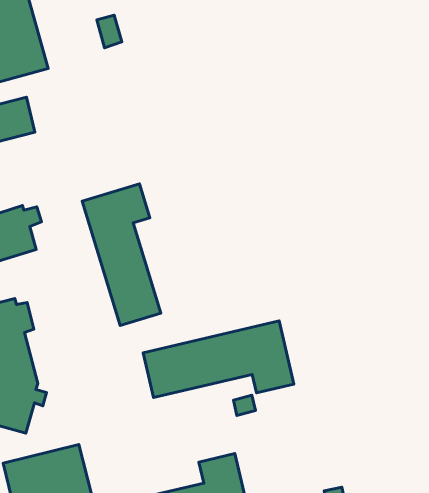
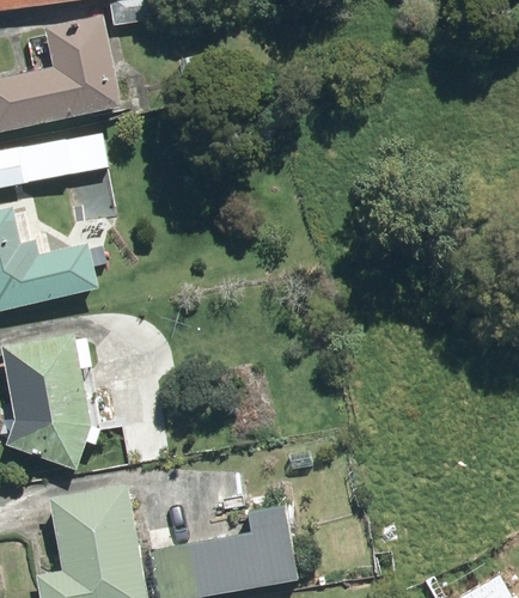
building: [82,184,161,326] -> none
building: [143,321,294,398] -> none

